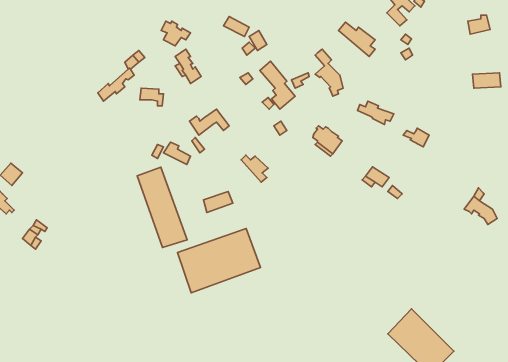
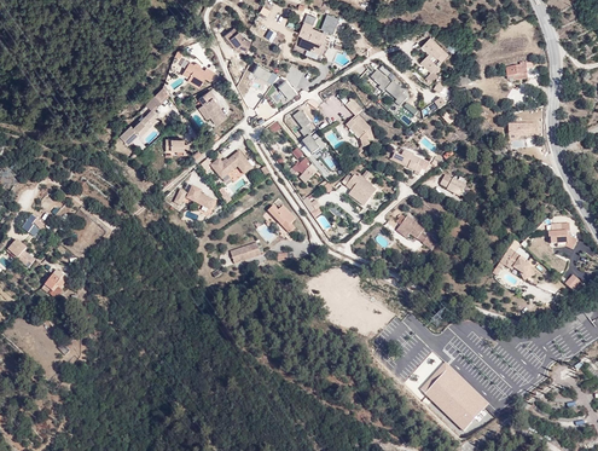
building: [137,167,187,247] -> none
building: [178,229,260,293] -> none

